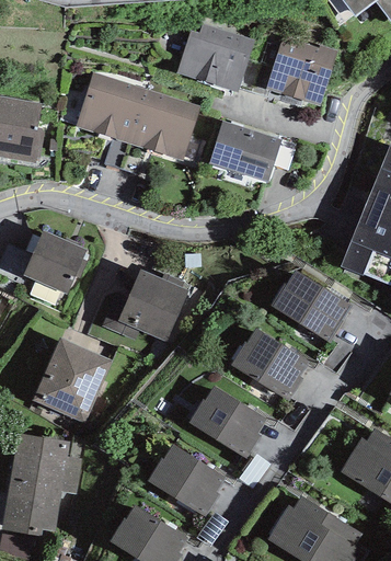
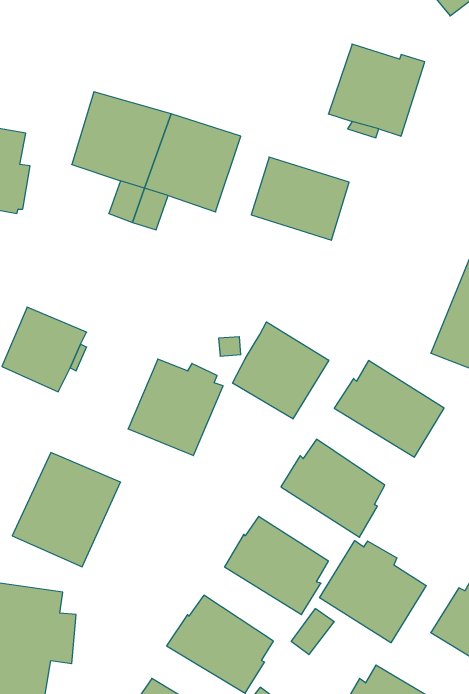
building: [175,24,254,92] -> none
building: none -> [233,322,329,419]
building: none -> [320,541,426,643]

